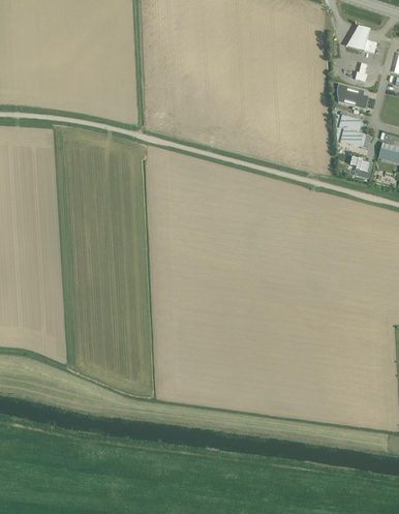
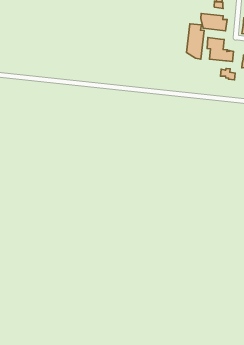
building: none -> [186,24,204,59]

